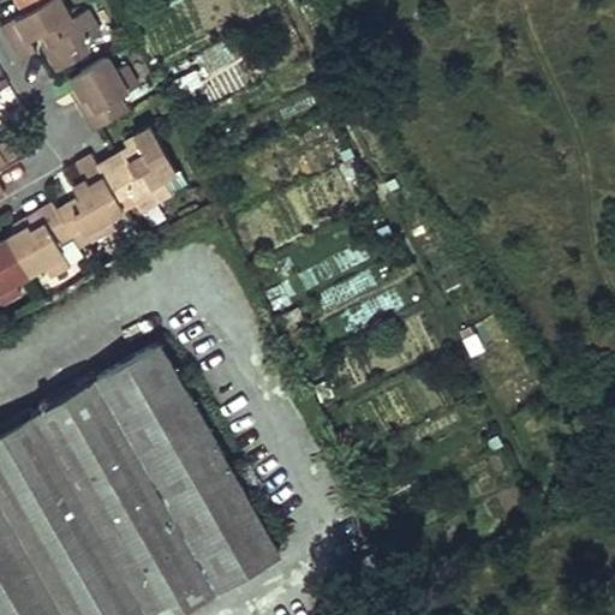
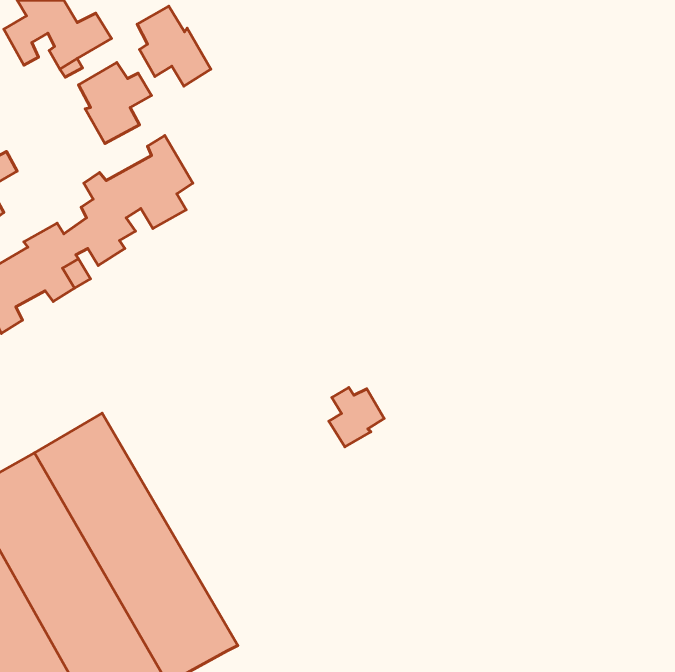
building: none -> [137,6,211,86]
building: [92,344,277,590] -> none
building: none -> [329,388,384,447]

